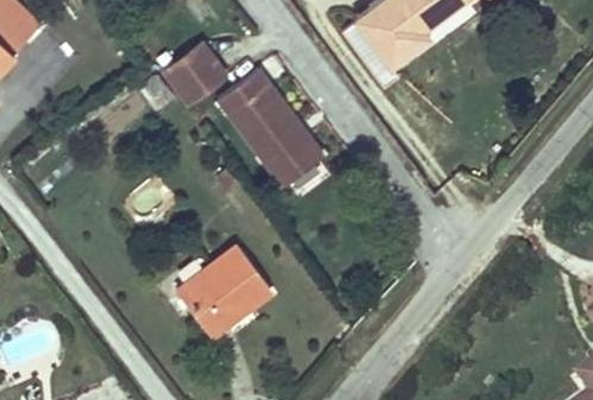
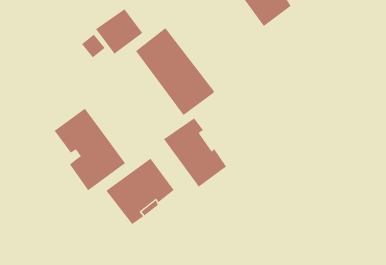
building: none -> [54,108,126,191]
building: none -> [163,118,227,188]

